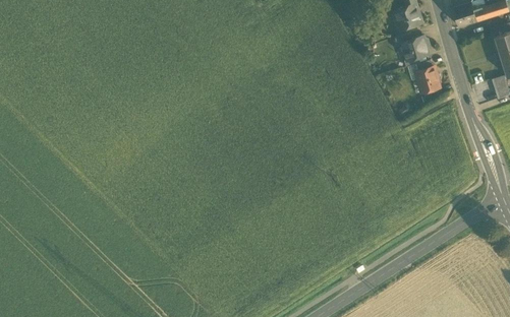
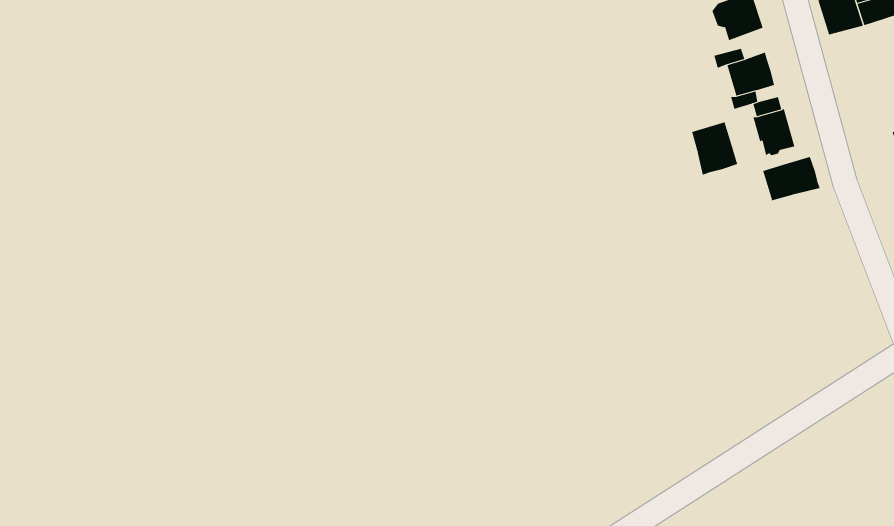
building: none -> [691,122,738,176]
building: none -> [763,156,820,201]

